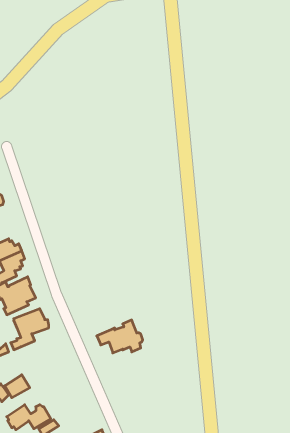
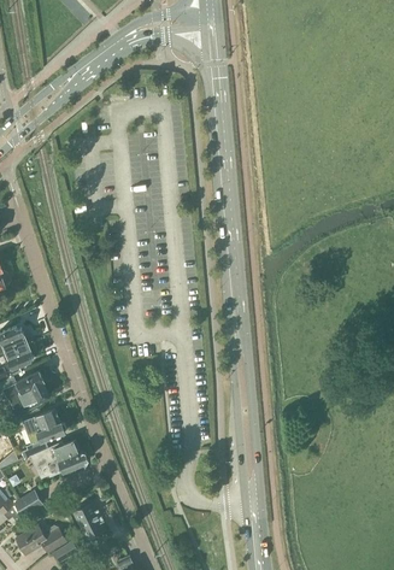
building: [97,320,143,353] -> [31,435,87,475]
building: none -> [73,503,104,537]

